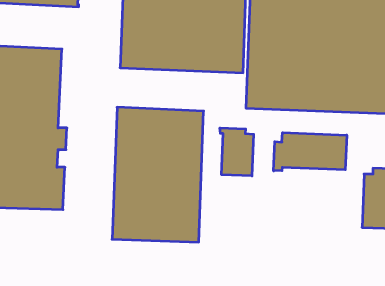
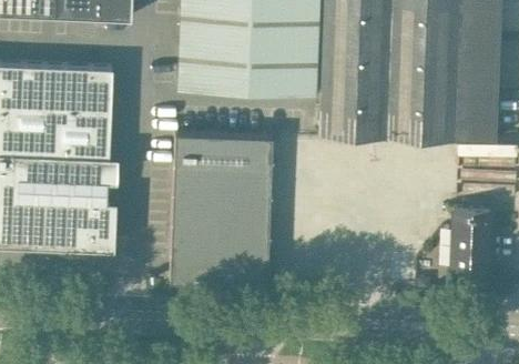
building: [220,128,254,176] -> none
building: [274,133,347,171] -> none

